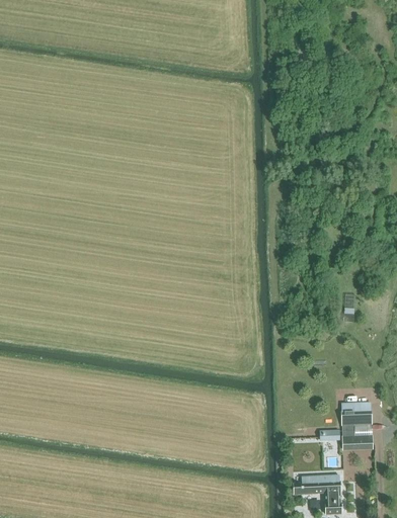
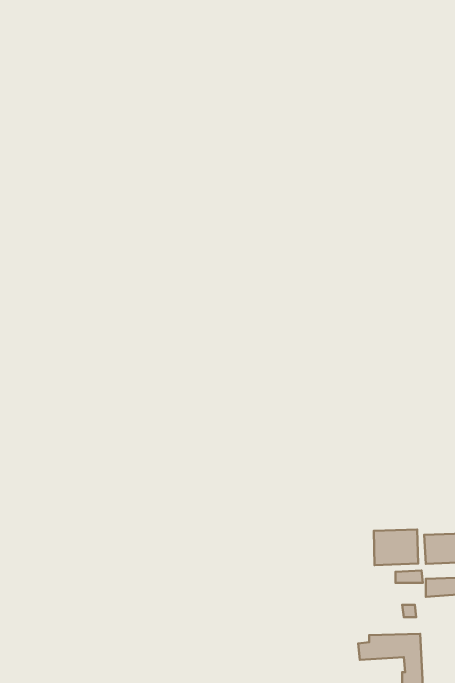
building: none -> [374,529,418,565]

